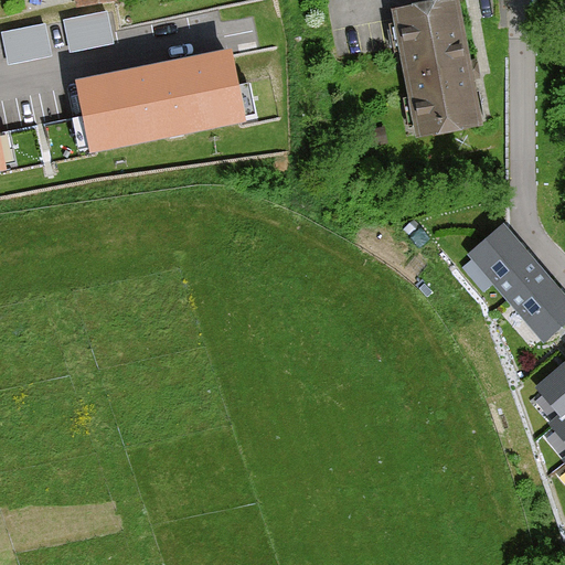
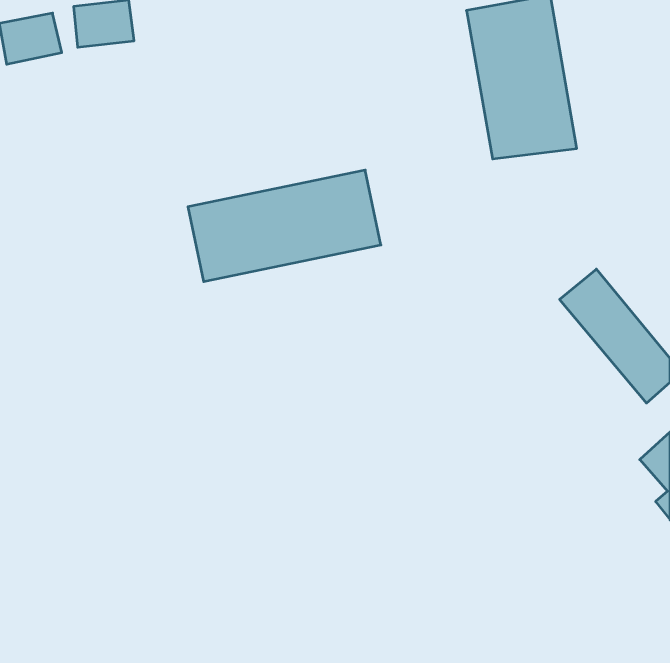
building: [78,57,241,151] -> [188,170,381,282]

